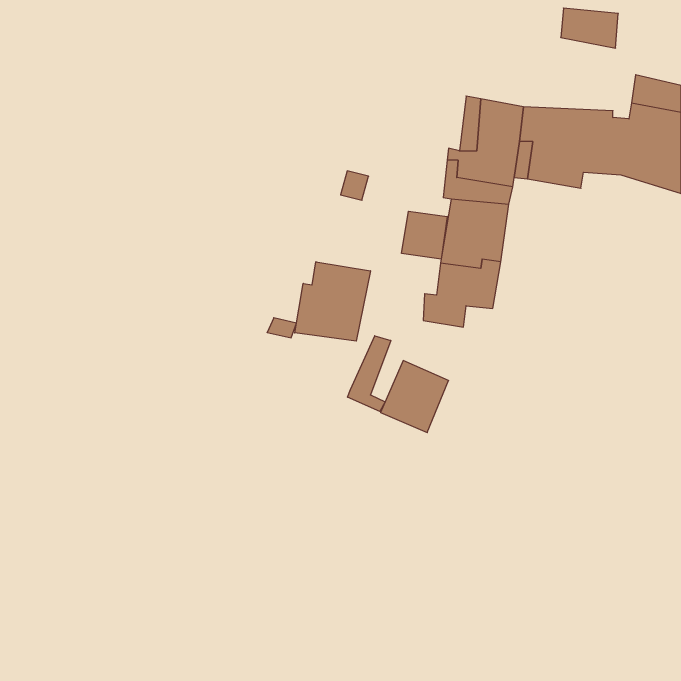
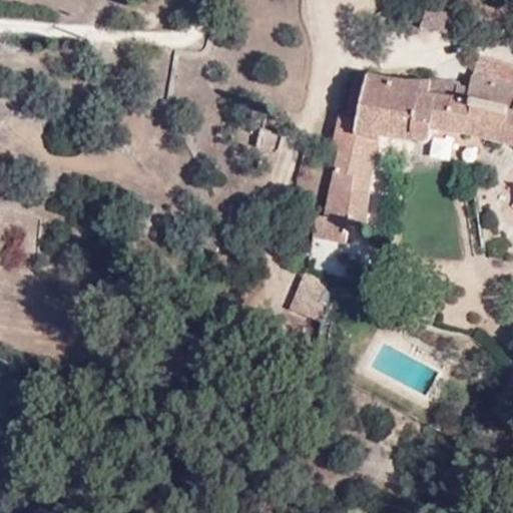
building: [402,211,447,259] -> none
building: [295,262,370,341] -> none
building: [348,336,391,411] -> none

